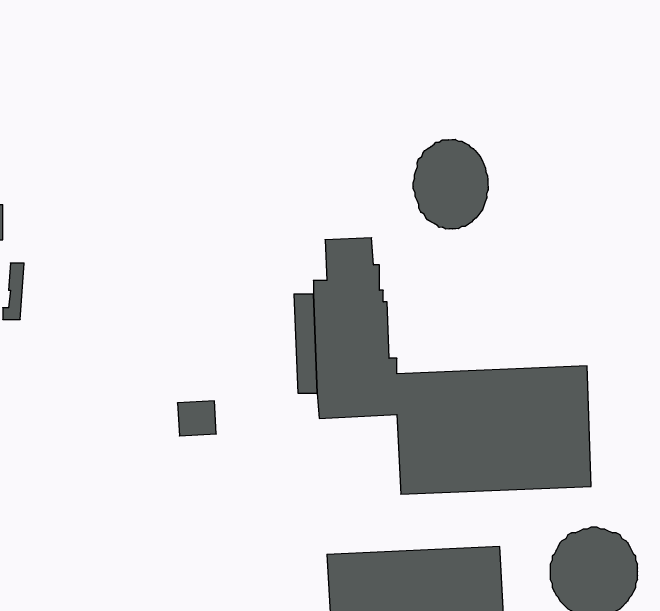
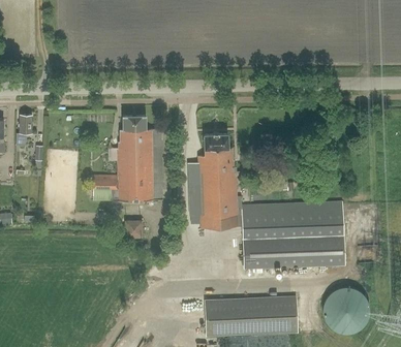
building: [413,139,488,229] -> none
building: none -> [93,116,153,200]

